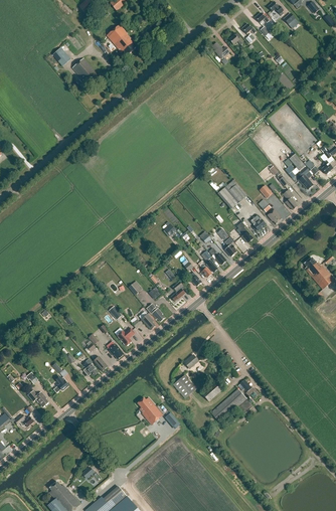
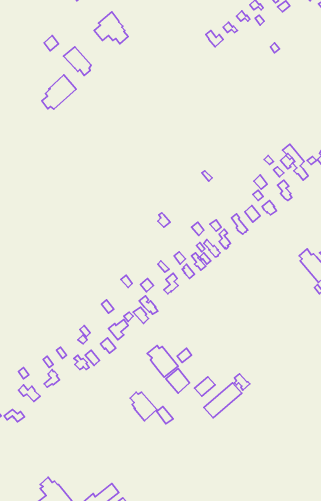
building: none -> [42,75,76,109]
building: [218,181,246,209] -> none
building: none -> [147,345,178,377]

